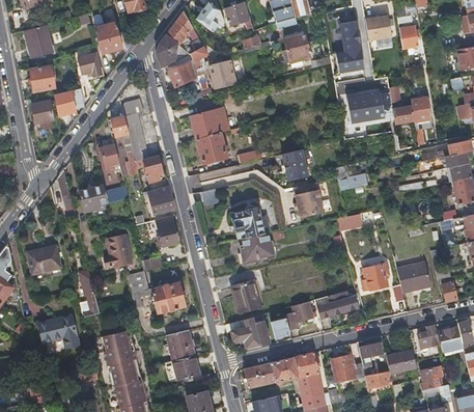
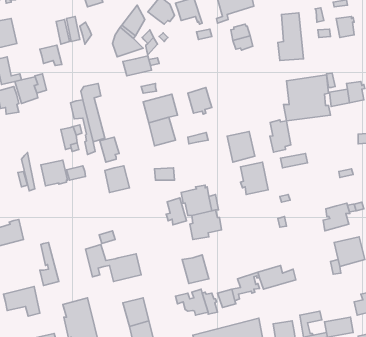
building: [208,63,234,92] -> [188,87,212,114]
building: none -> [270,120,291,152]
building: [156,216,177,245] -> [166,198,186,225]
building: [103,235,131,268] -> none
building: [360,263,389,293] -> [323,203,350,231]

